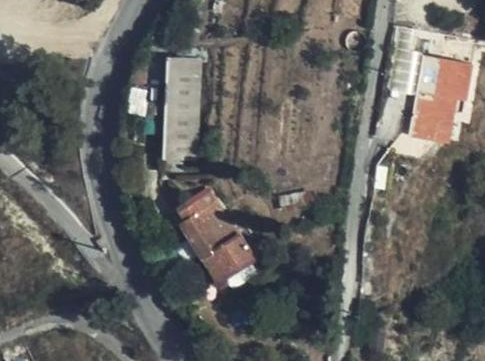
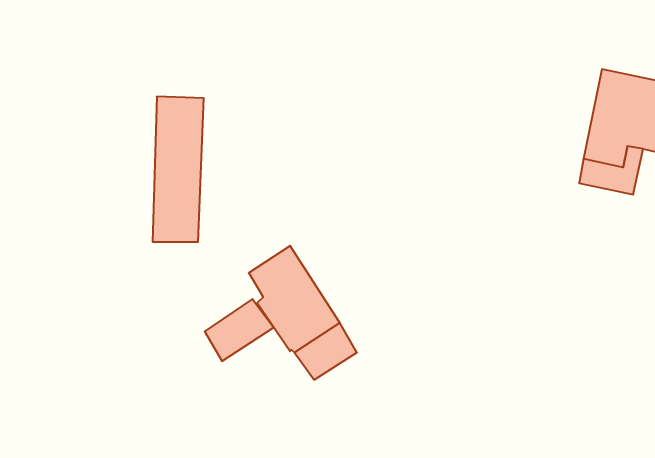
building: [164,60,200,162] -> [153,97,204,242]
building: none -> [205,299,274,361]

